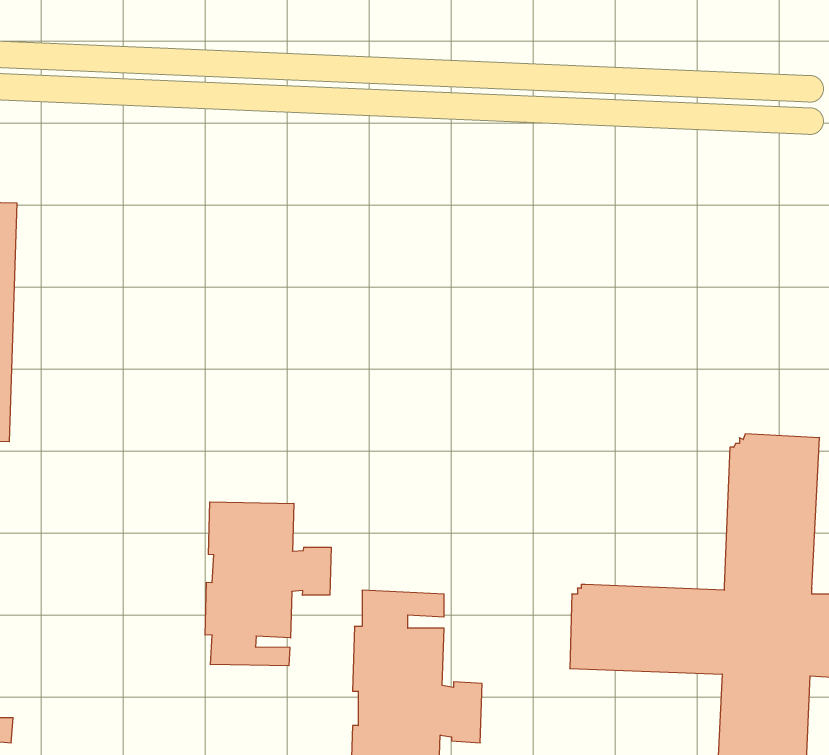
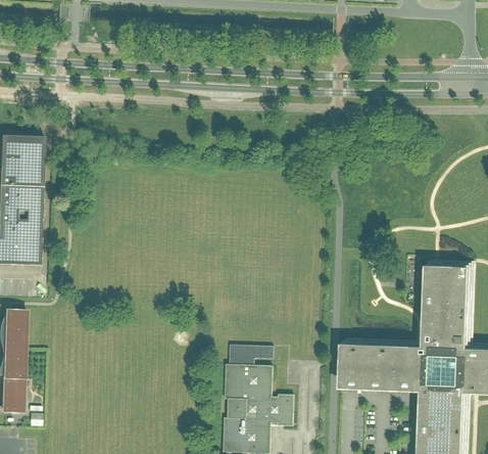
building: [205,502,331,666] -> none

